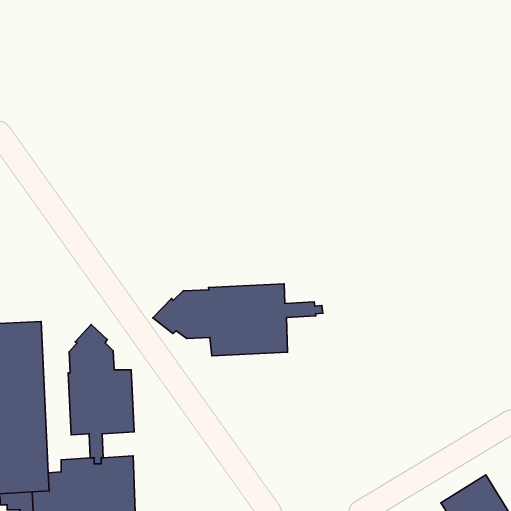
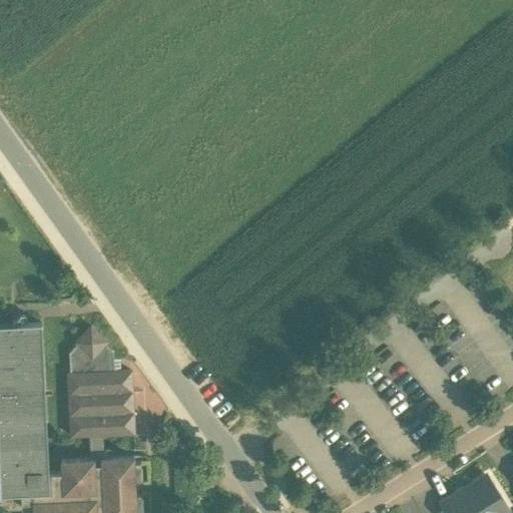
building: [153,284,323,356] -> none

